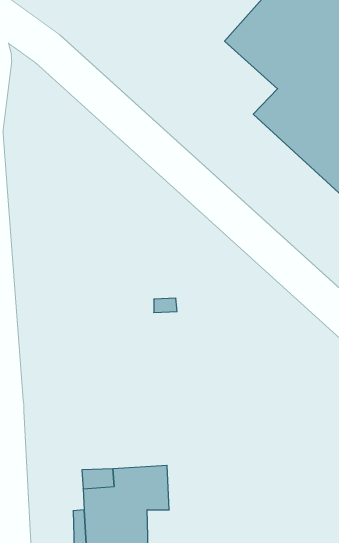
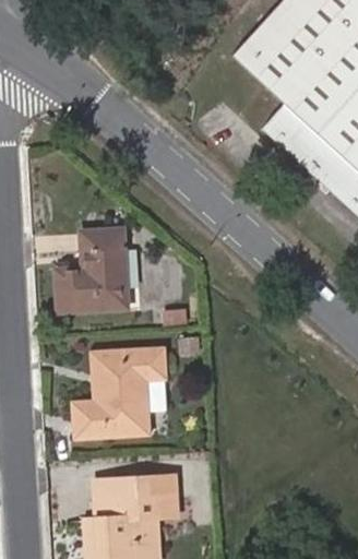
building: none -> [57,231,128,311]
building: none -> [73,349,164,437]

